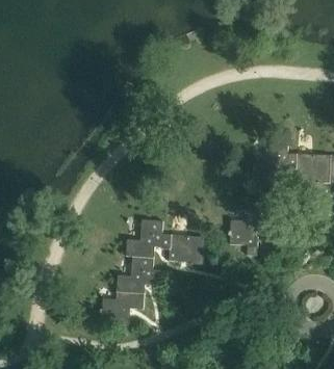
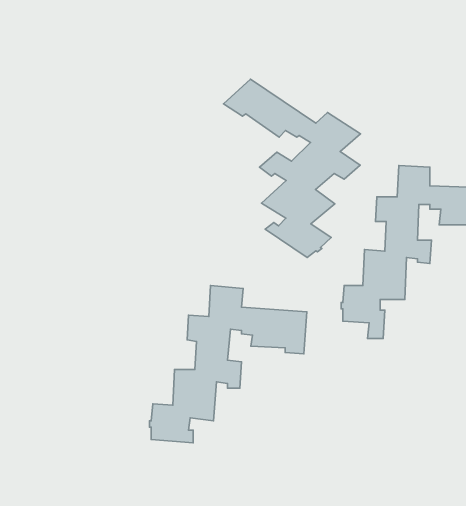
building: none -> [224,79,361,257]

